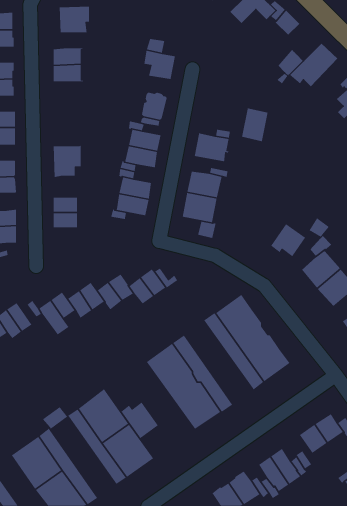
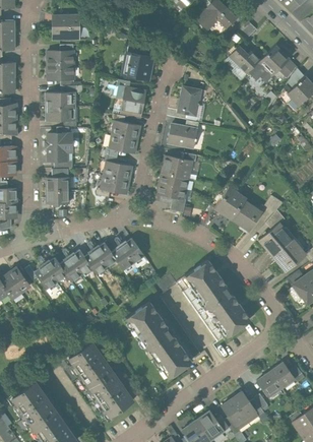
building: none -> [46,92,74,121]
building: [241,107,269,142] -> [177,86,200,116]
building: none -> [214,189,245,219]
building: [121,398,159,439] -> none

